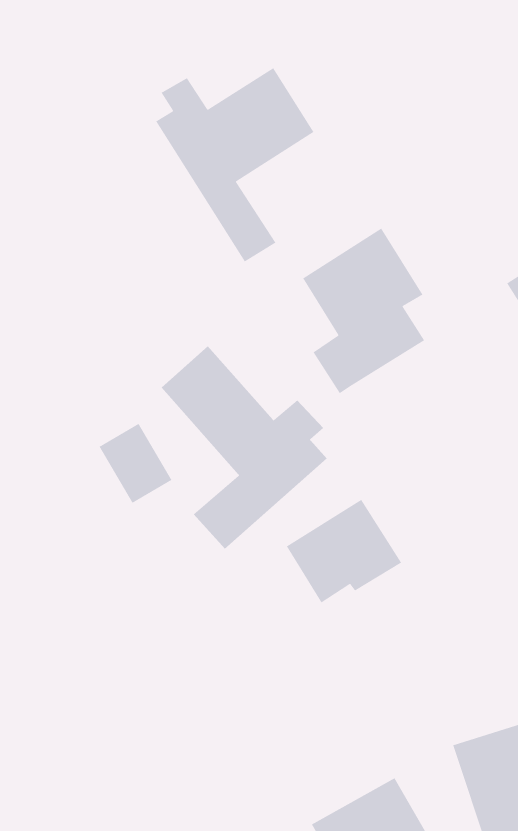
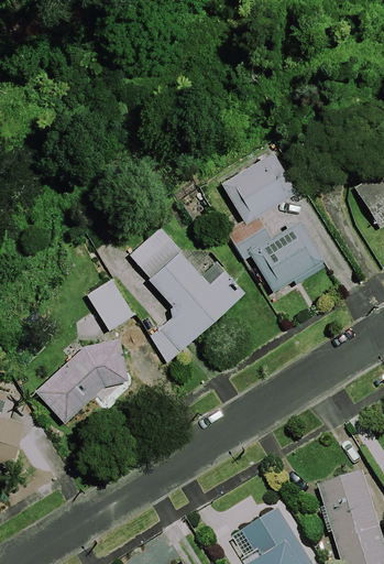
building: [155,67,314,262] -> none
building: [286,499,402,603] -> [250,224,326,292]
building: none -> [35,343,121,421]

